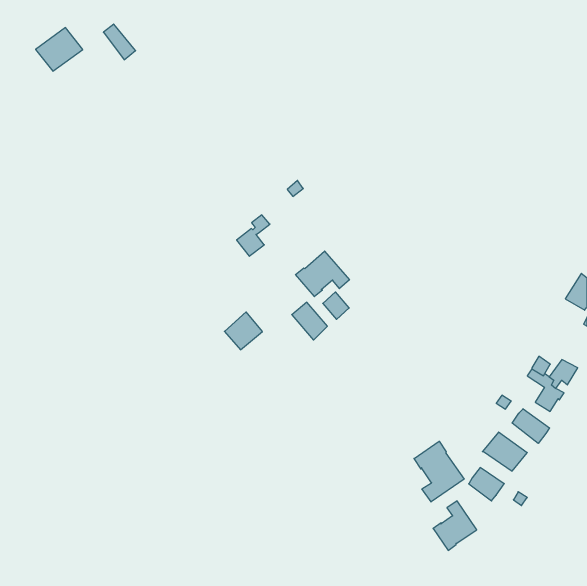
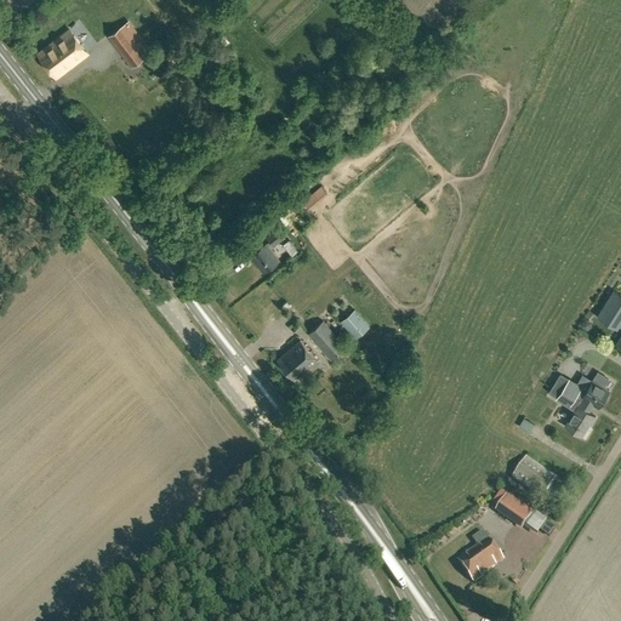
building: [296,251,349,297] -> none
building: [224,312,262,350] -> [278,338,318,378]
building: [512,409,550,443] -> none
building: [414,441,464,502] -> none

